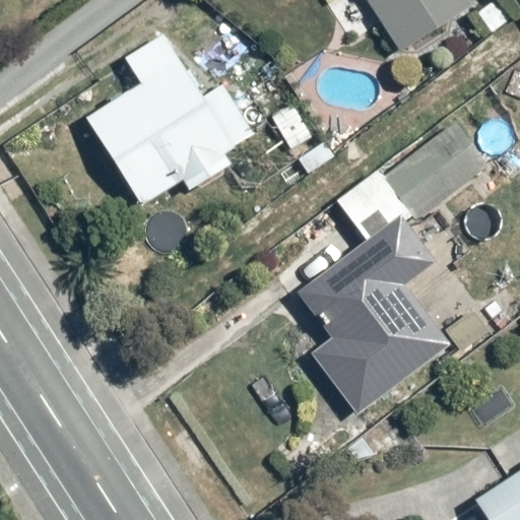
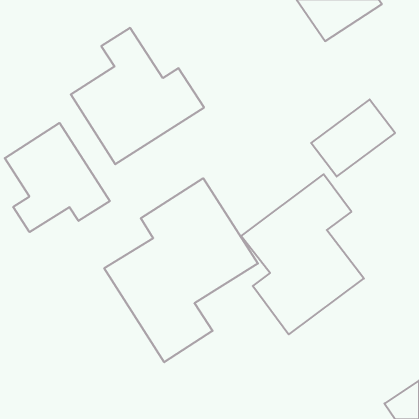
building: none -> [5,123,110,232]
building: none -> [104,178,258,362]

